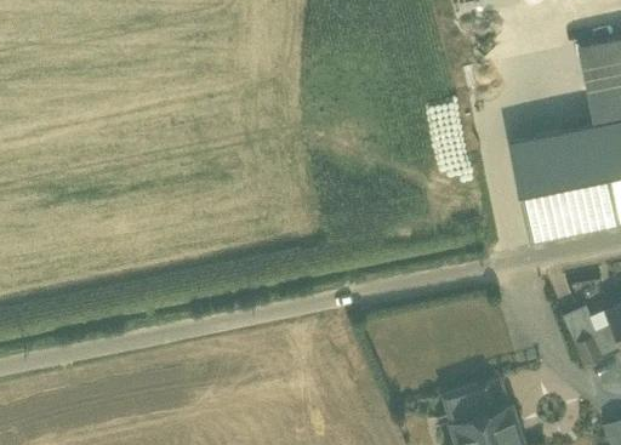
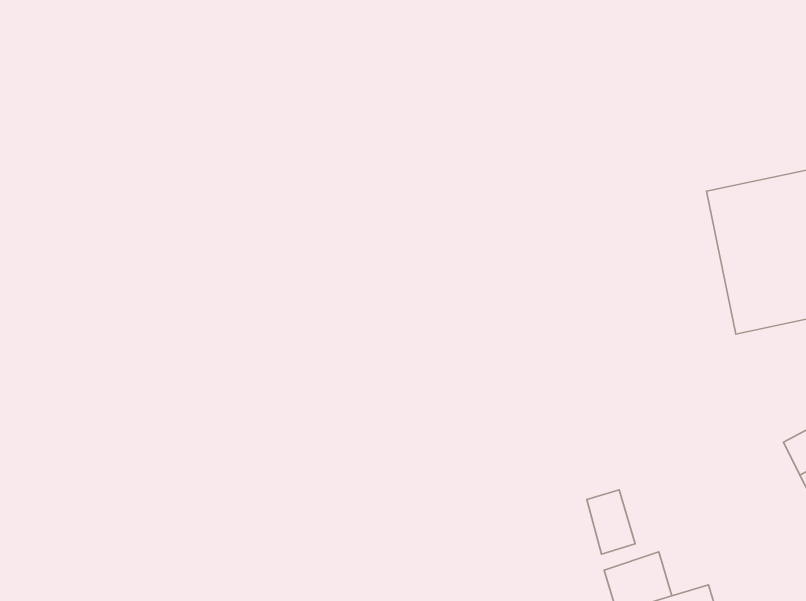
building: none -> [587,490,635,554]

